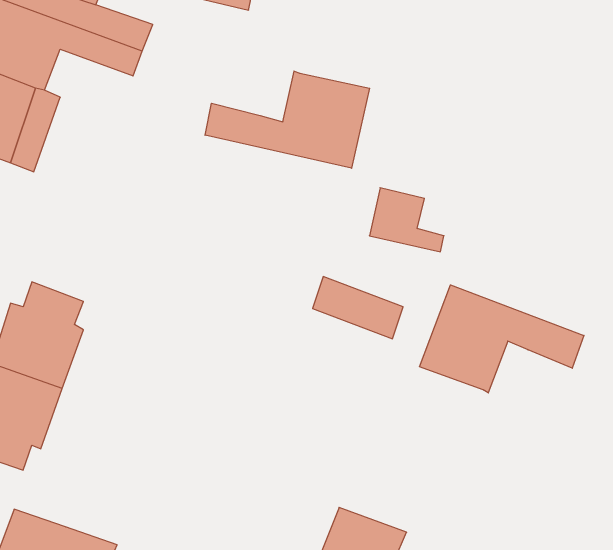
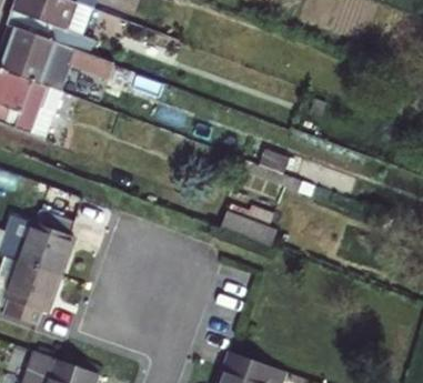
building: [205,71,370,168] -> none
building: [420,285,584,393] -> none

